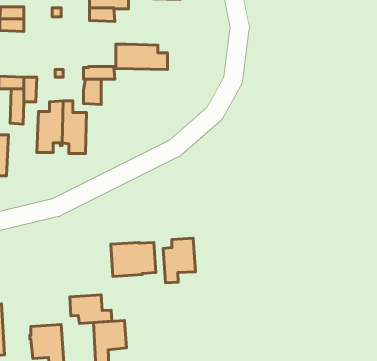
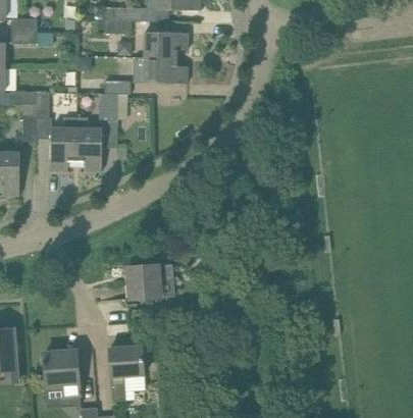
building: none -> [144,31,188,58]
building: [163,238,196,283] -> none
building: [70,295,112,323] -> none

